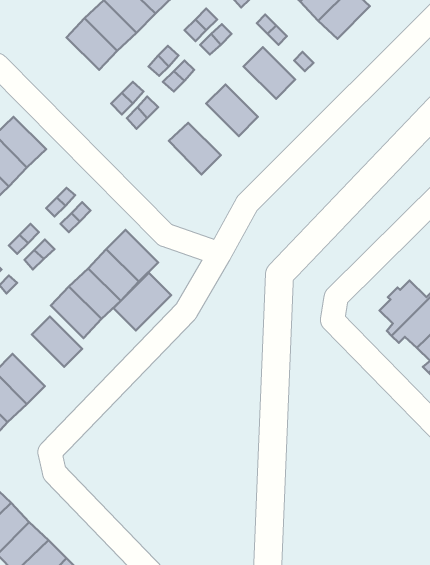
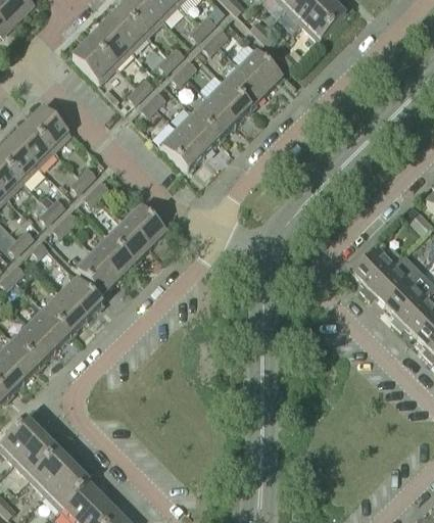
building: none -> [73,39,116,83]
building: none -> [224,63,267,106]
building: none -> [192,95,235,139]
building: none -> [160,127,203,171]
building: [113,273,171,331] -> none
building: none -> [43,291,87,335]

